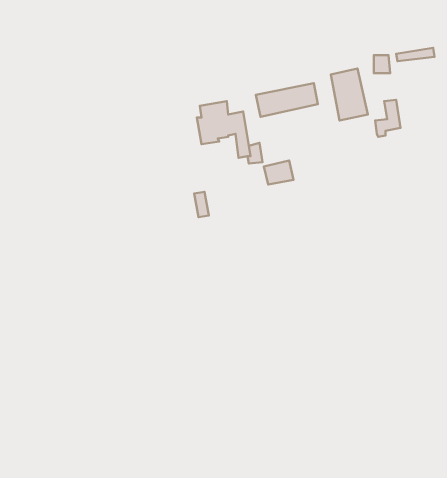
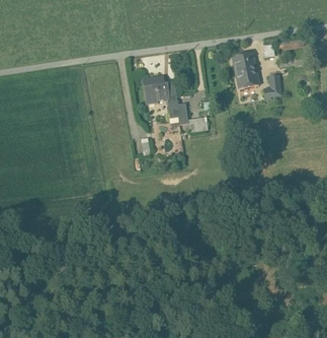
building: [256,83,318,117] -> none

